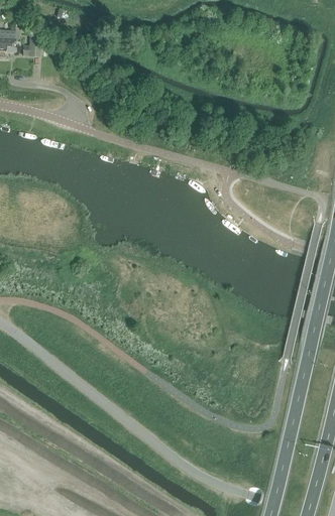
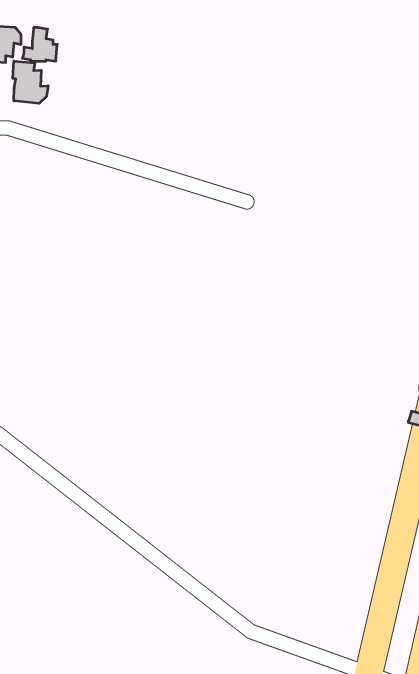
building: none -> [13,61,48,103]

